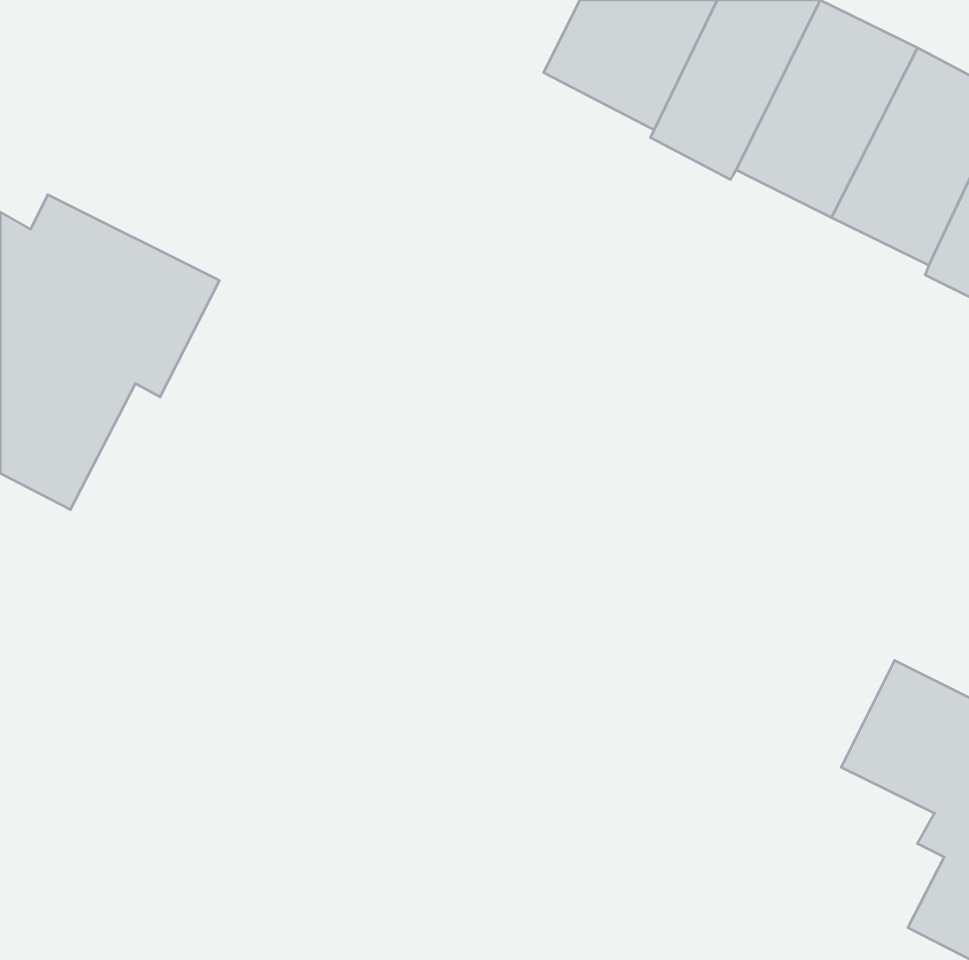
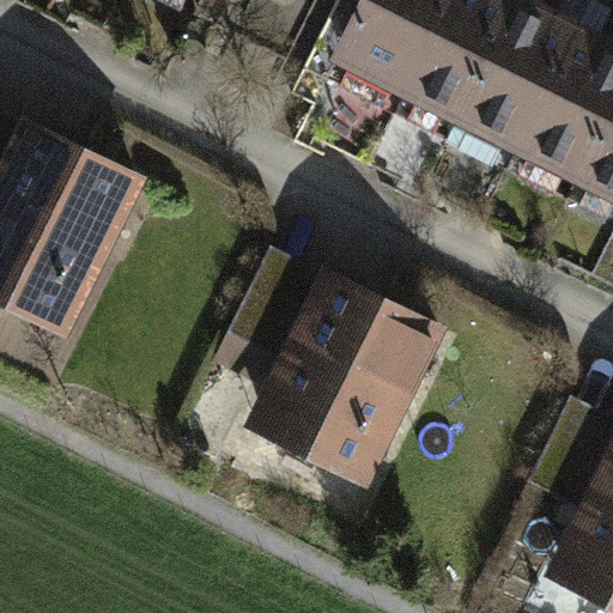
building: none -> [218,273,442,479]

